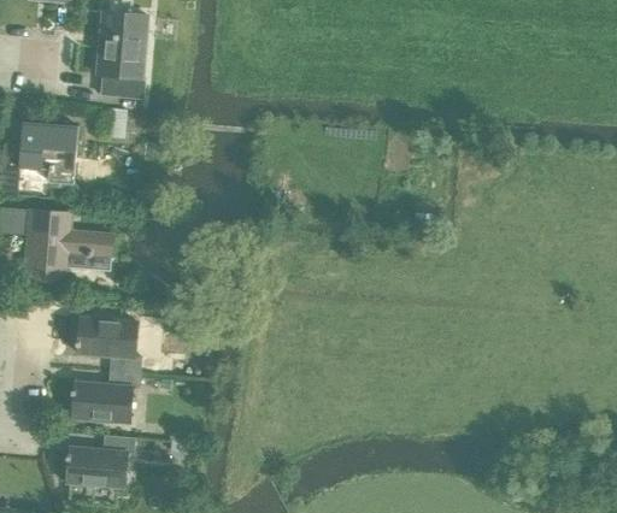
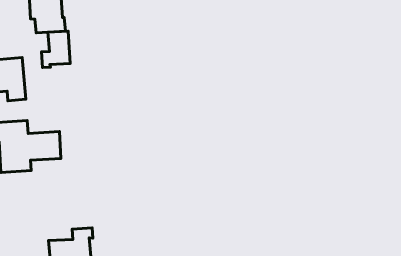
building: none -> [41,31,70,68]
building: [77,317,140,373] -> none

